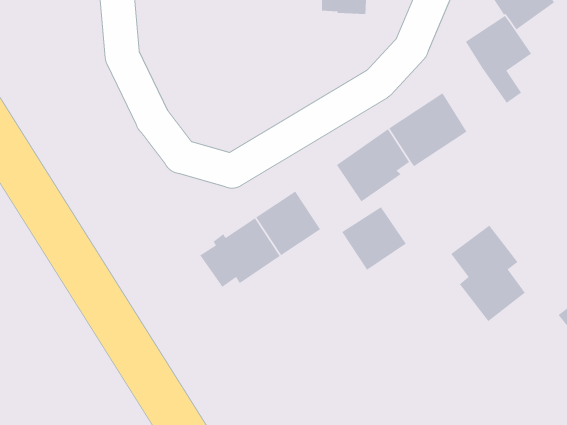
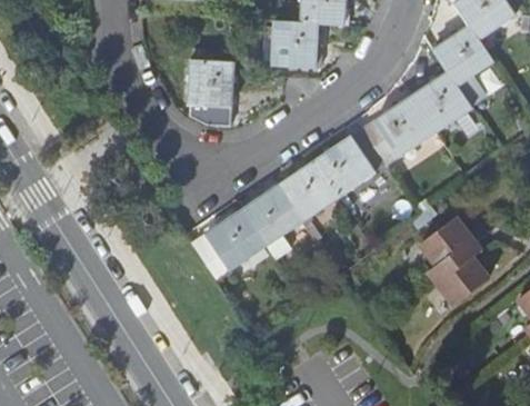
building: none -> [271,21,316,69]
building: none -> [188,60,232,126]
building: none -> [411,73,471,132]
building: [341,206,407,271] -> [278,162,338,221]

